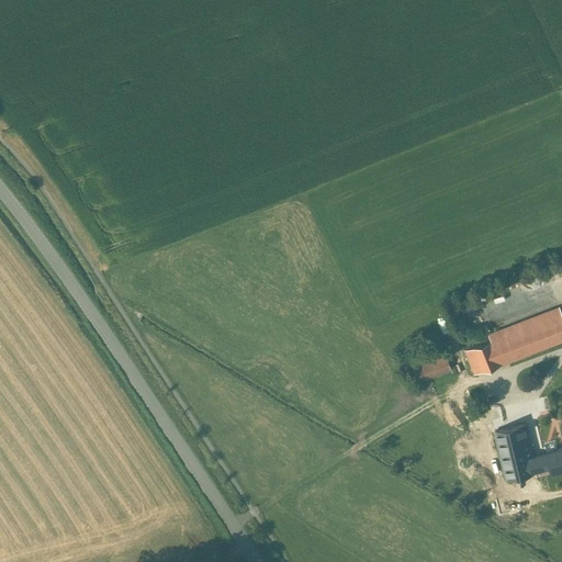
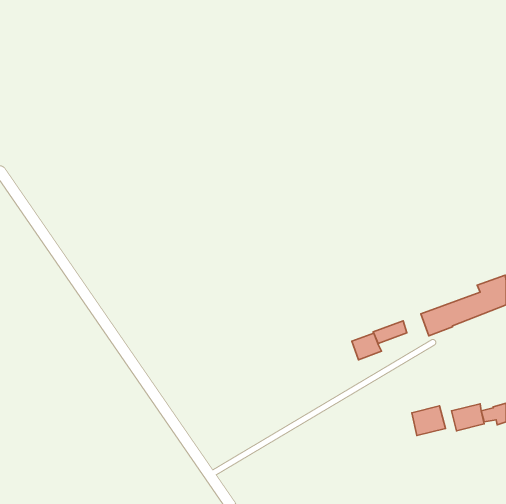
building: none -> [352,333,381,360]
building: [495,425,532,458] -> [412,406,445,435]

